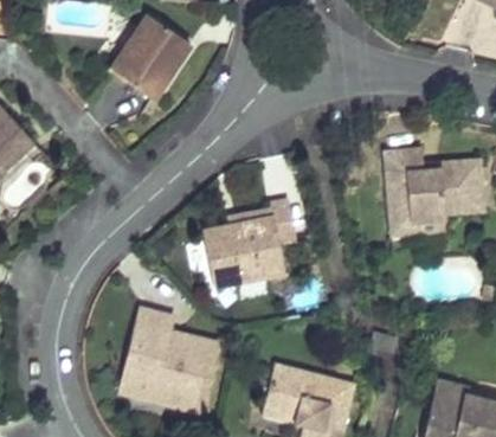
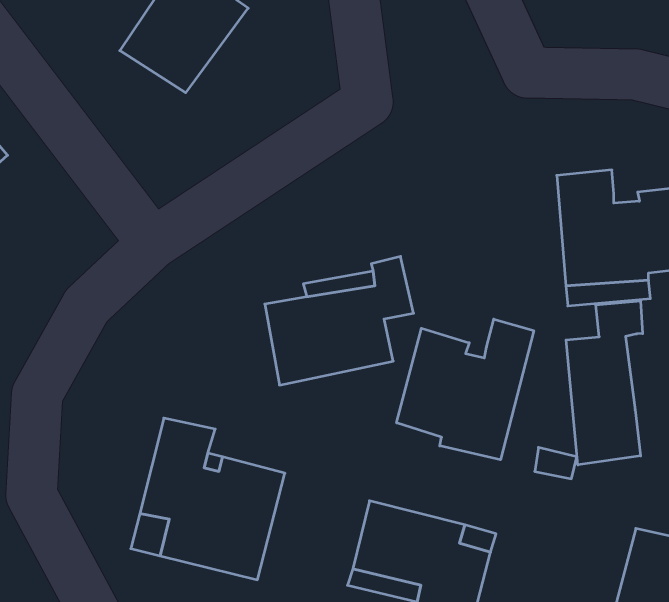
building: none -> [566,301,643,465]
building: none -> [397,319,534,460]

